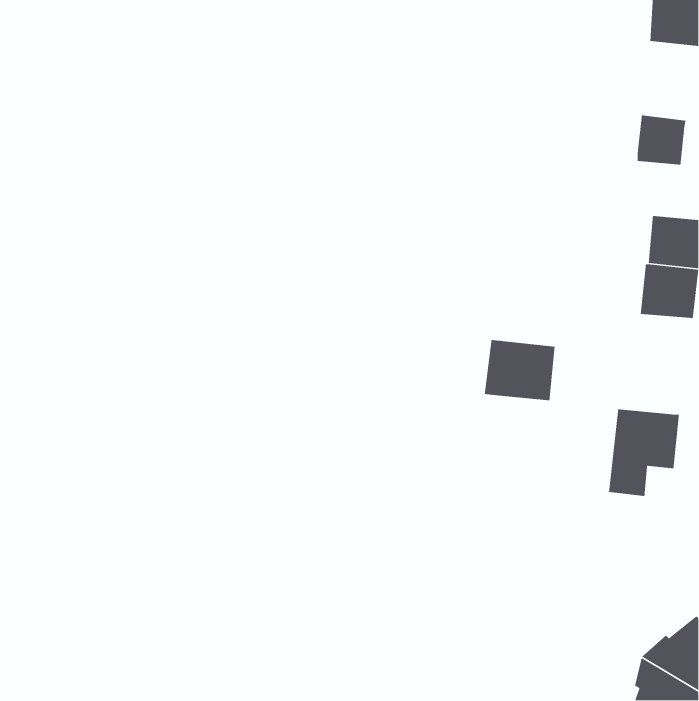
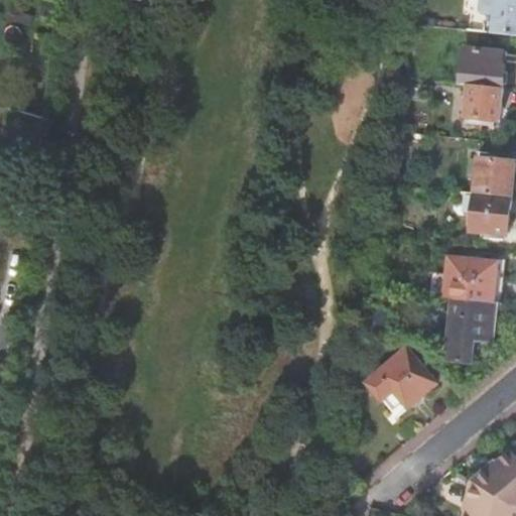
building: none -> [461,47,506,88]
building: [484,339,556,401] -> [443,257,496,302]
building: none -> [366,348,435,407]

